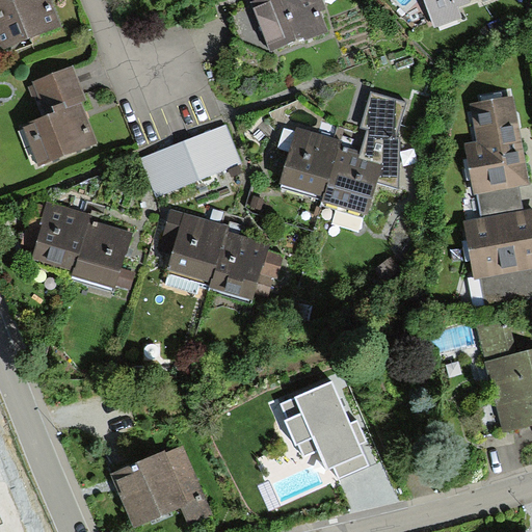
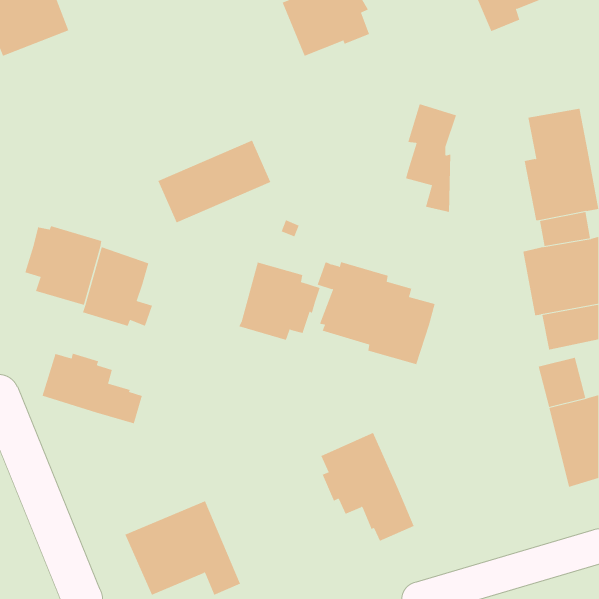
building: [23,65,95,163] -> none
building: [276,127,381,218] -> [317,261,436,365]
building: [158,208,230,285] -> none
building: none -> [42,353,143,424]

